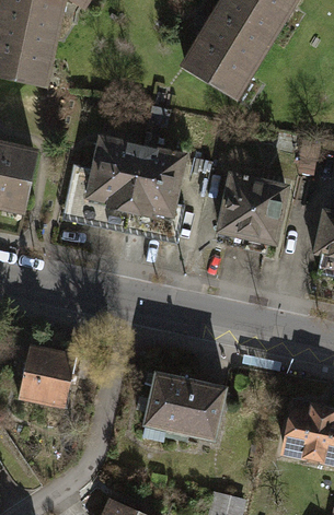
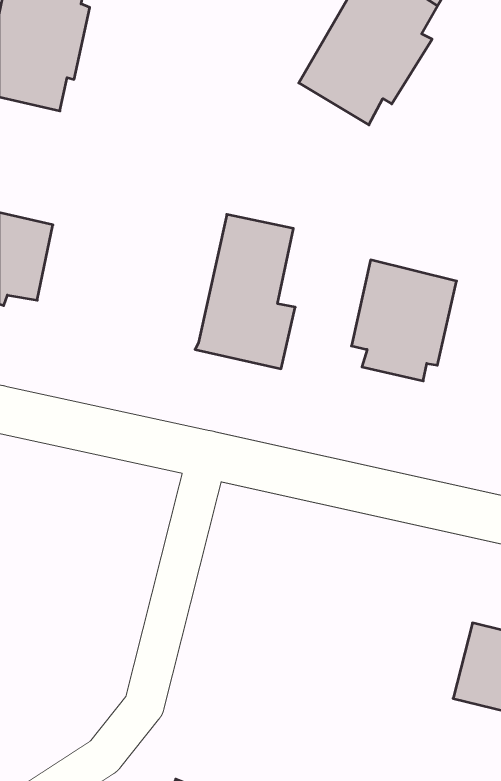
building: [62,138,142,226] -> none
building: [19,344,77,406] -> none
building: [142,371,226,441] -> none

